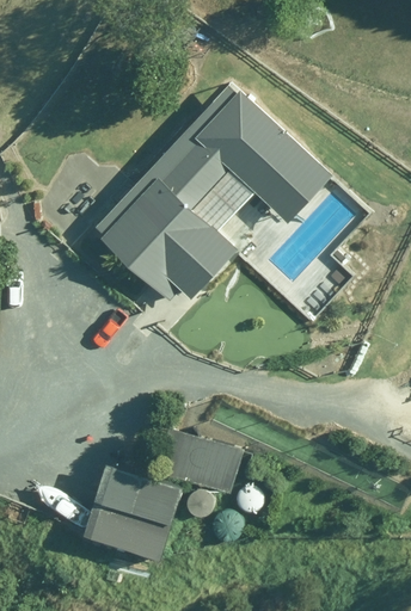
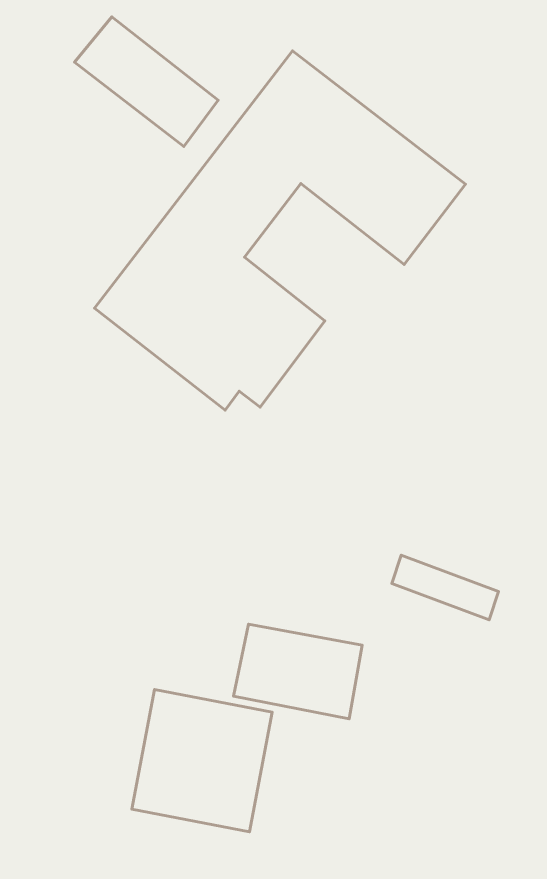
building: none -> [75,17,218,147]

